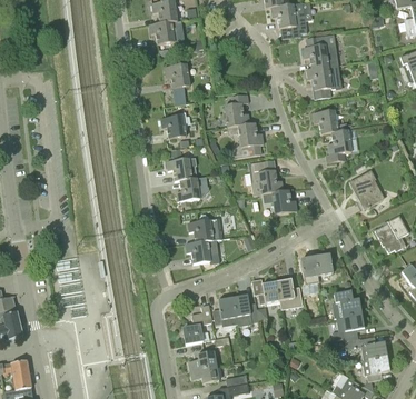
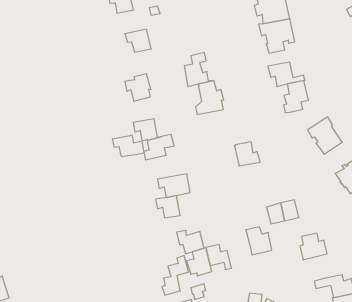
building: [251,159,284,194] -> none
building: none -> [113,135,144,157]
building: [252,279,280,303] -> [177,230,204,254]
building: [336,312,363,340] -> none

